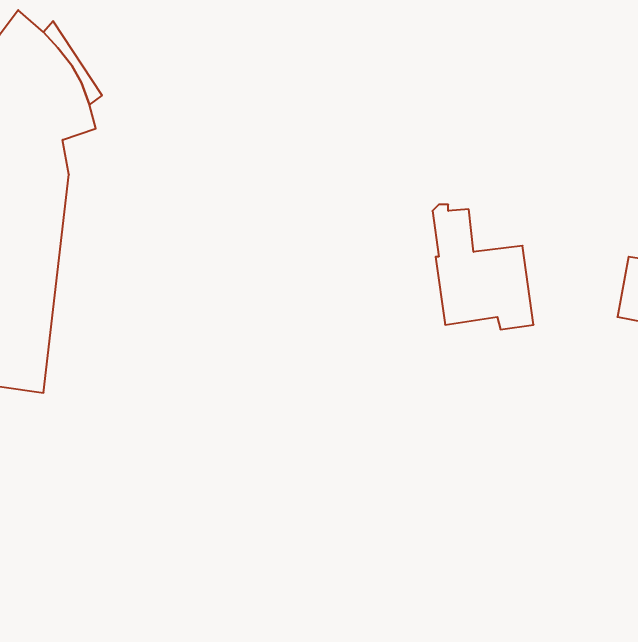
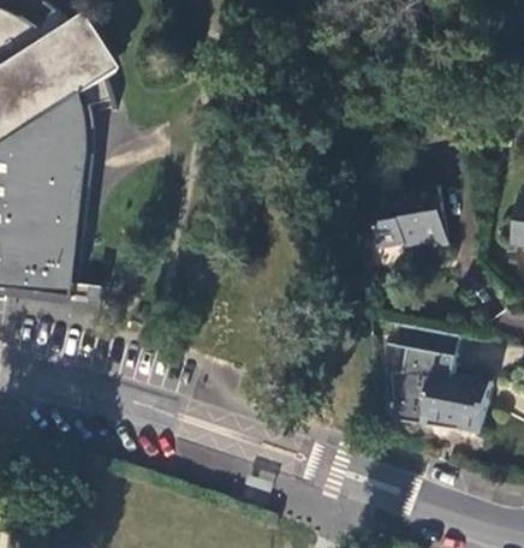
building: none -> [388,327,484,434]

